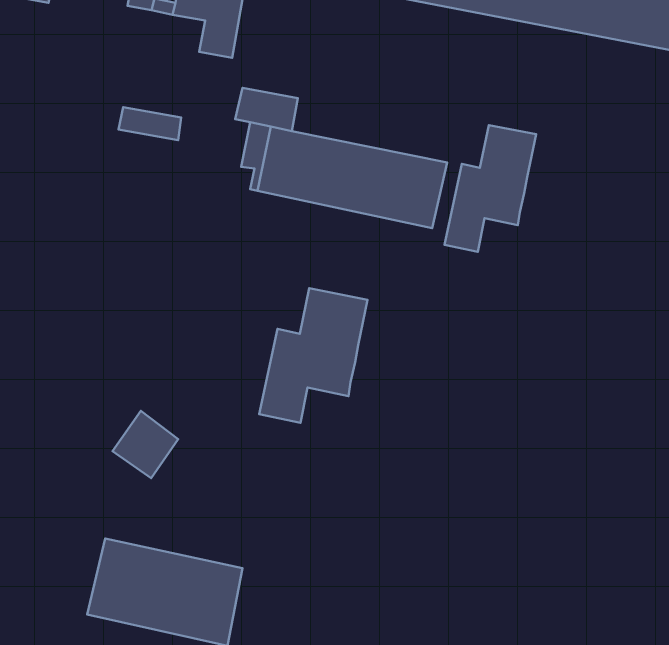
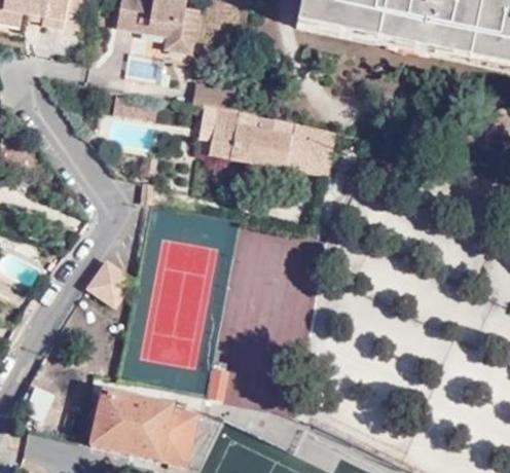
building: [445,125,536,252] -> none
building: [259,288,368,423] -> none
building: [112,411,178,478] -> [85,261,131,307]

